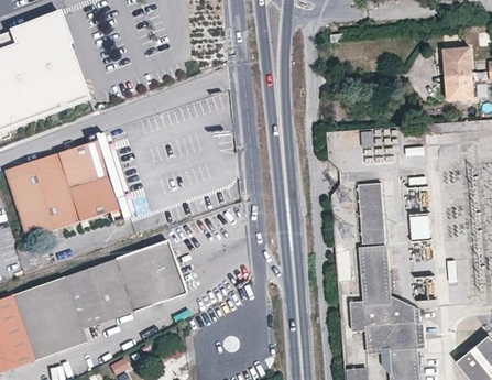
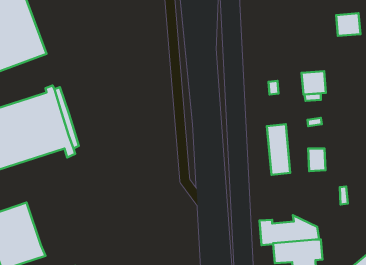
building: [444,72,473,100] -> [302,71,326,95]
building: [63,241,184,329] -> none
building: [359,246,390,303] -> none

